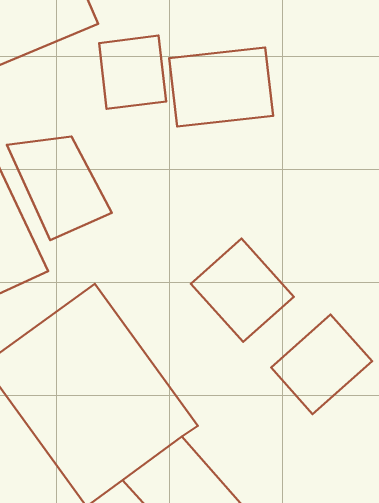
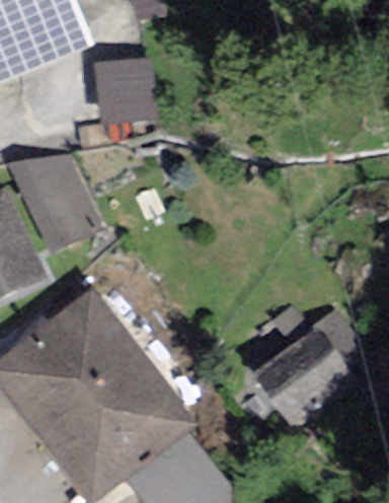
building: [169,47,273,127] -> none
building: [191,239,294,342] -> none

